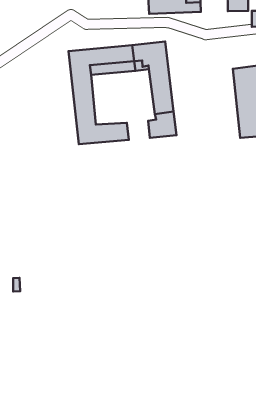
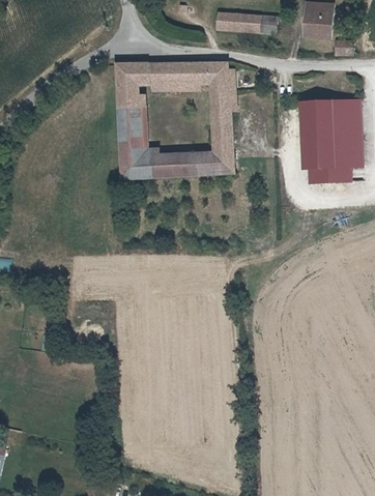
building: none -> [179,157,205,178]

